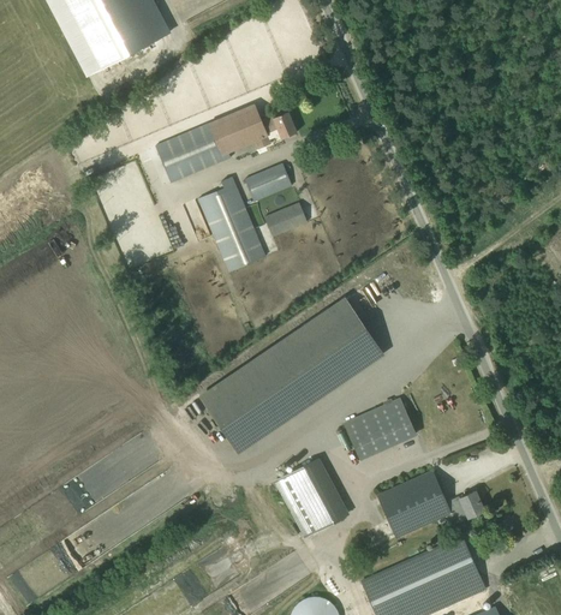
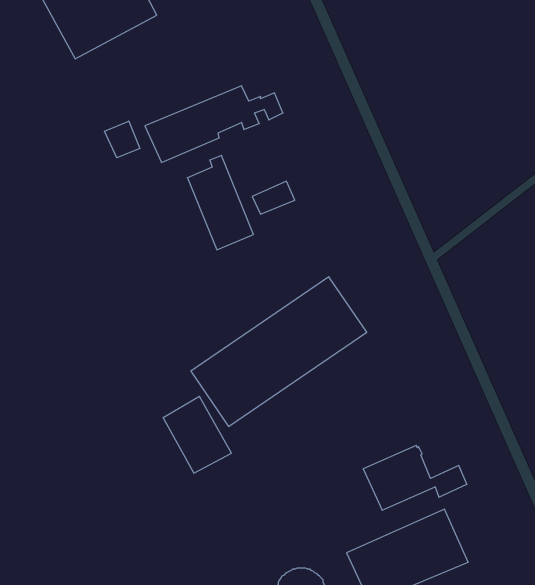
building: none -> [104,121,140,158]
building: [244,162,291,202] -> none
building: [345,398,416,459] -> none
building: [280,459,350,537] -> [163,396,231,473]

